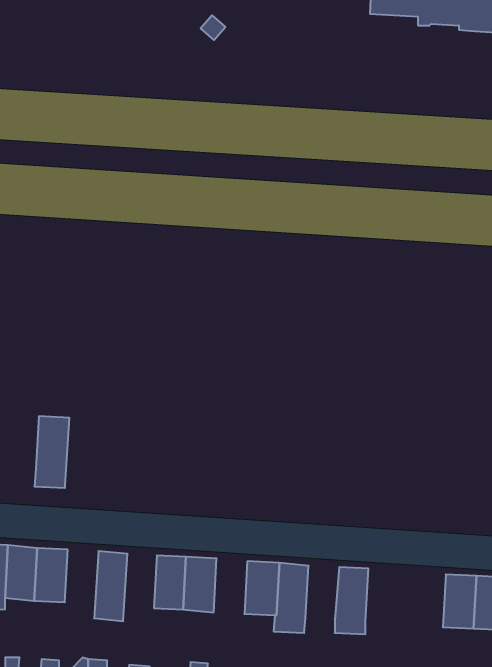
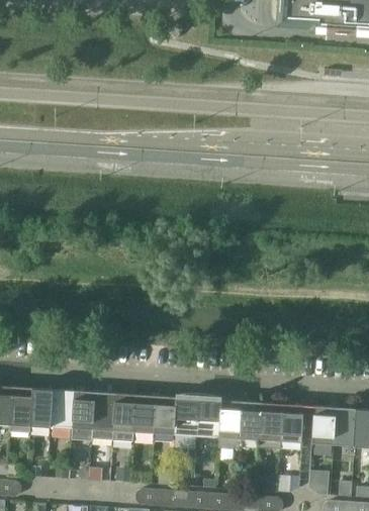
building: [34,416,69,488] -> [71,391,95,440]
building: none -> [112,394,135,441]
building: none -> [175,397,198,435]
building: none -> [239,402,262,439]
building: none -> [280,404,303,442]
building: none -> [311,406,336,444]

